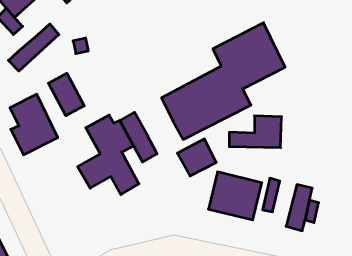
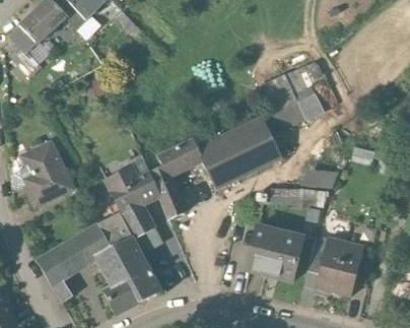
building: [8,24,59,71] -> none
building: [48,73,84,116] -> none
building: [177,139,216,176] -> [160,143,204,185]
building: none -> [36,220,164,314]
building: none -> [313,237,343,287]

